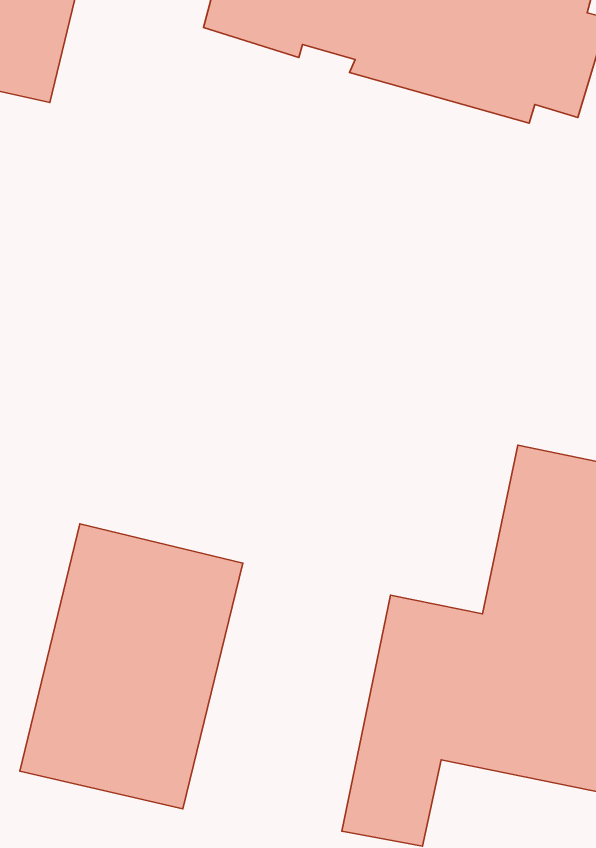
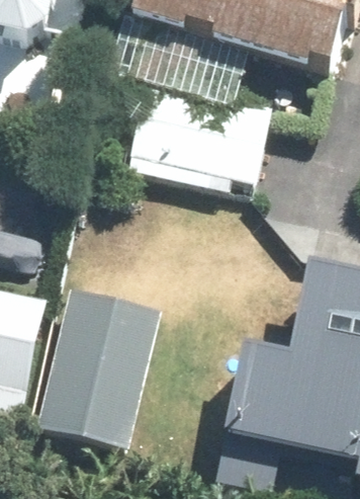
building: none -> [112,83,272,196]

